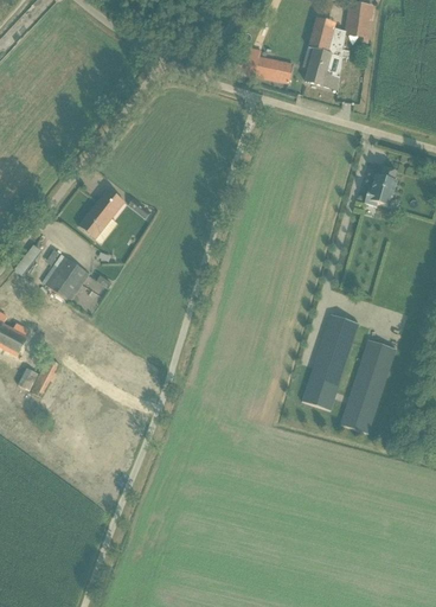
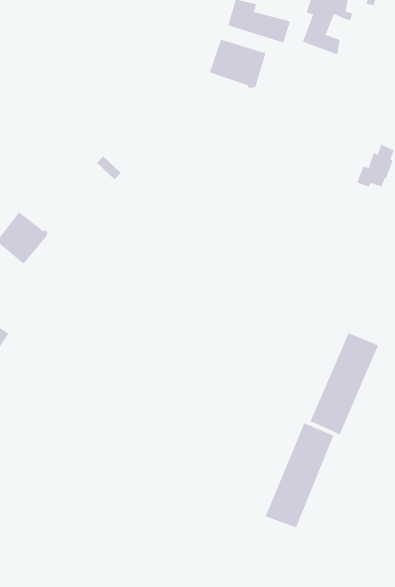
building: none -> [209,39,266,90]
building: [78,189,124,239] -> none
building: [301,314,358,410] -> [265,423,334,528]

